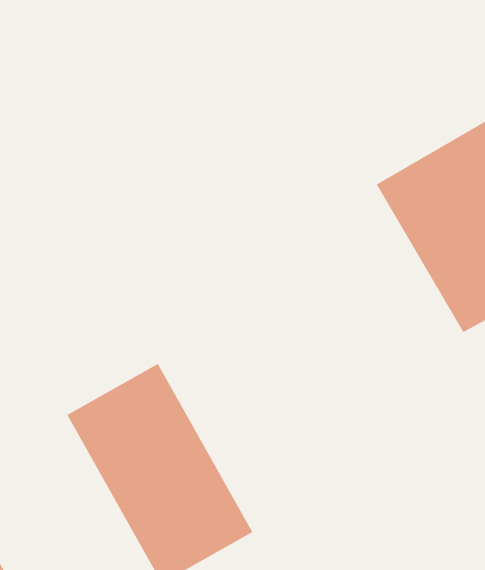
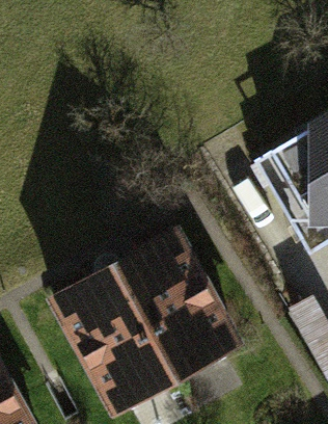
building: none -> [115,238,237,380]

